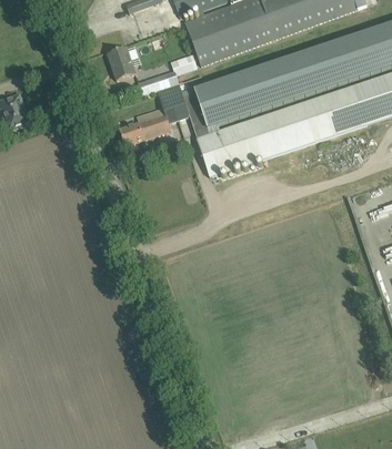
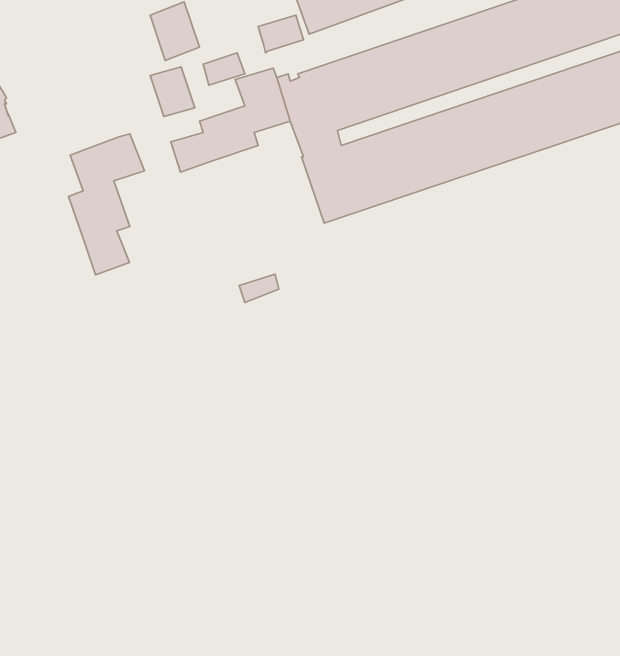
building: none -> [150,67,195,116]
building: none -> [69,134,144,275]

